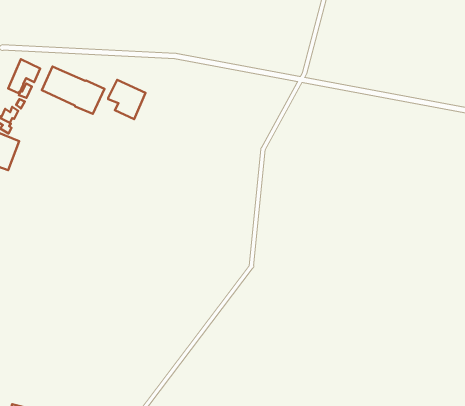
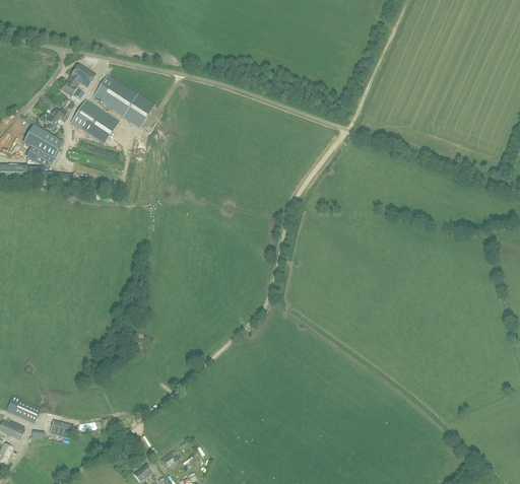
building: [108,80,145,119] -> none
building: none -> [70,99,118,143]

